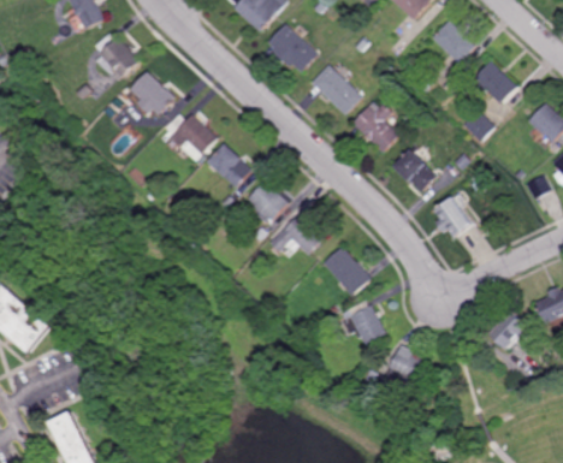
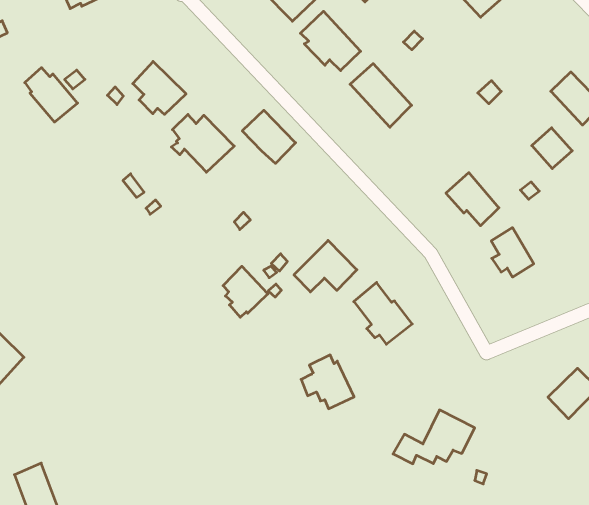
building: [433,20,476,64] -> none
building: [94,34,138,78] -> [25,68,78,122]
building: [351,102,399,154] -> none
building: [207,146,251,189] -> [242,110,296,163]
building: [249,182,286,224] -> [223,266,268,317]
building: [342,299,386,344] -> [301,355,354,409]

